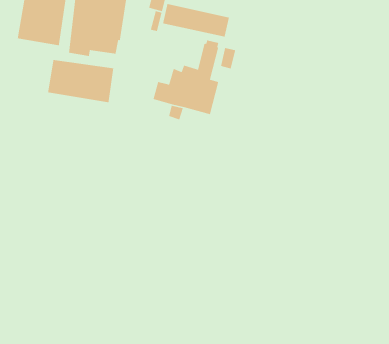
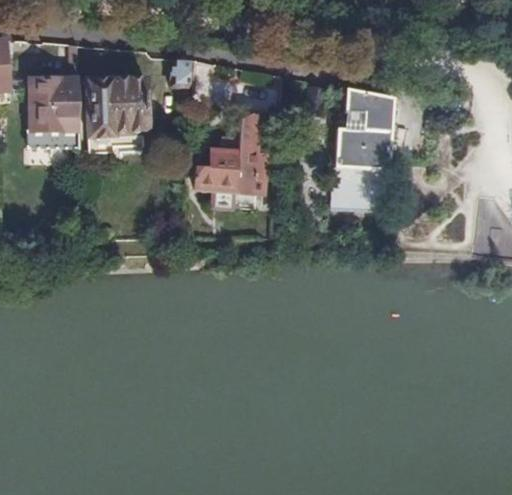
building: none -> [330,87,393,209]
building: [47,59,114,103] -> none

